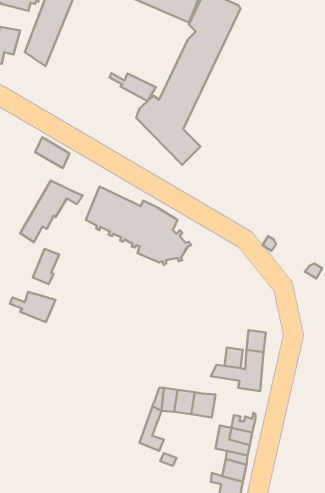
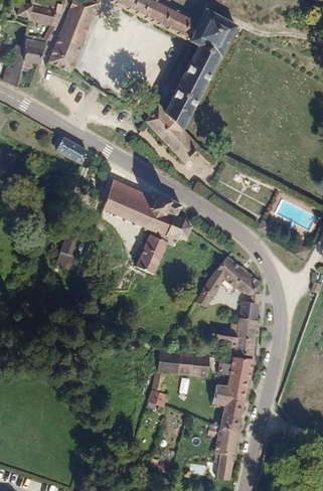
building: [109,73,156,101] -> none
building: [20,181,83,242] -> none
building: none -> [134,236,165,274]
building: none -> [196,260,261,309]
building: [10,292,55,322] -> none
building: none -> [220,357,254,383]

